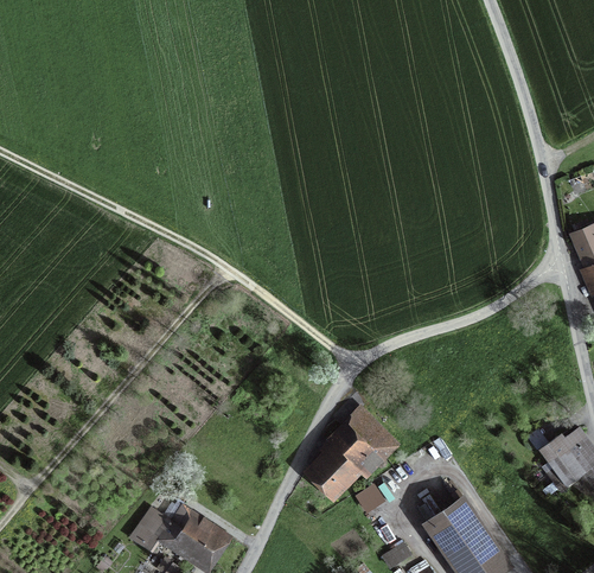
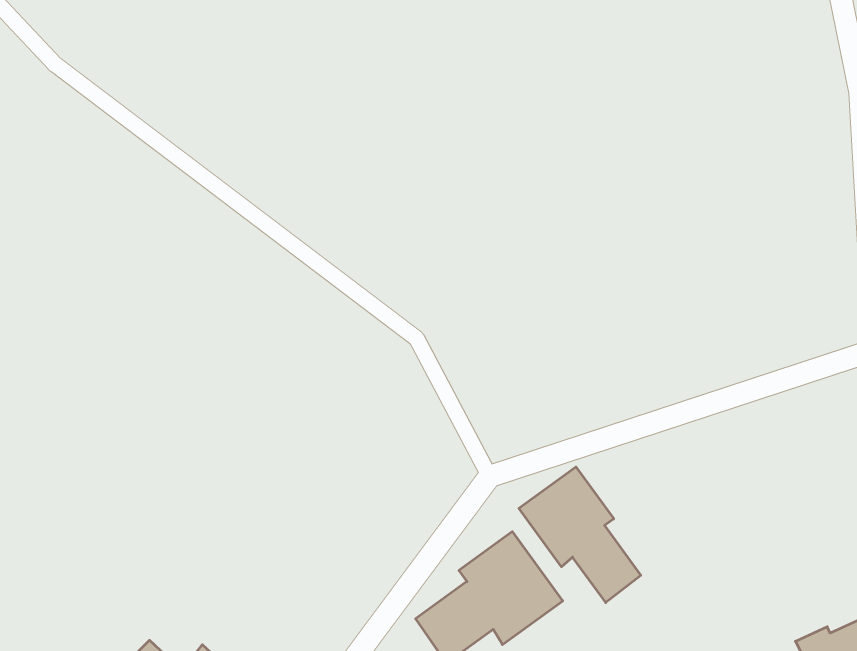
building: none -> [519,467,641,603]

